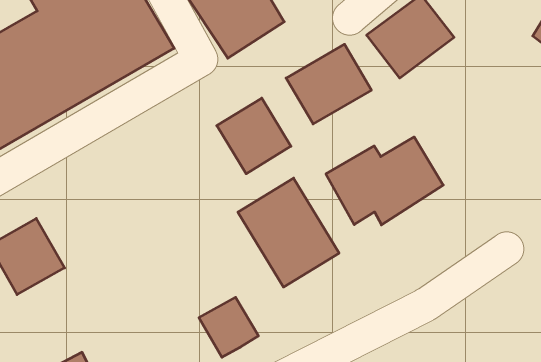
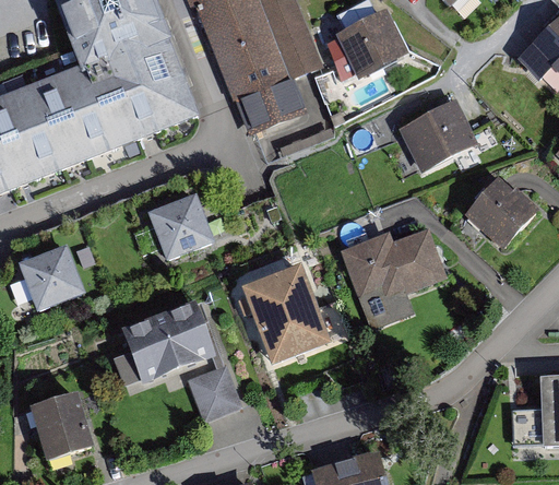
building: [286,44,371,124] -> none
building: none -> [457,181,532,256]
building: [217,98,291,174] -> [141,197,206,264]
building: none -> [116,289,215,371]

